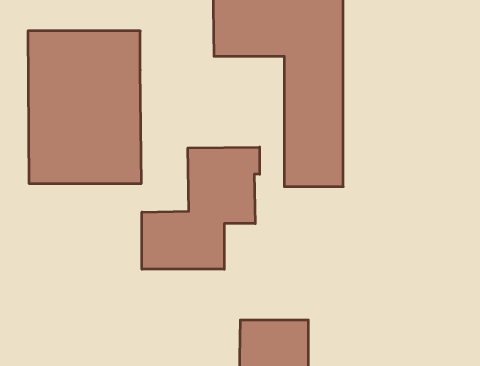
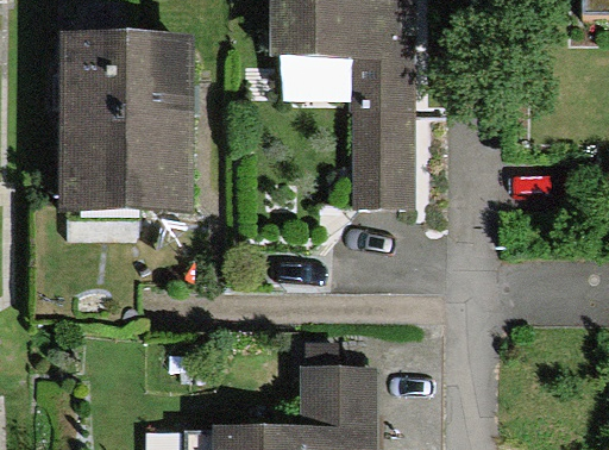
building: [142,147,260,269] -> none

